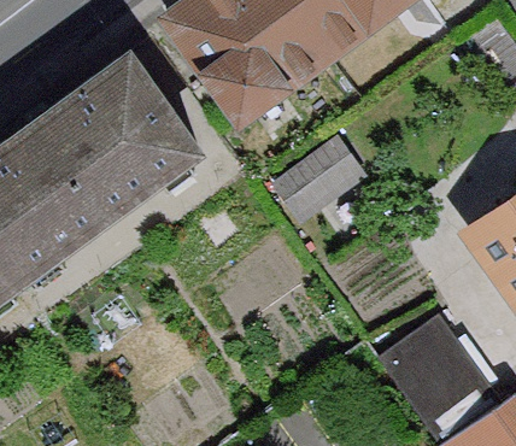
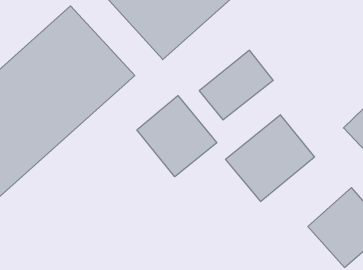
building: none -> [137,96,217,177]
building: none -> [226,115,314,202]

